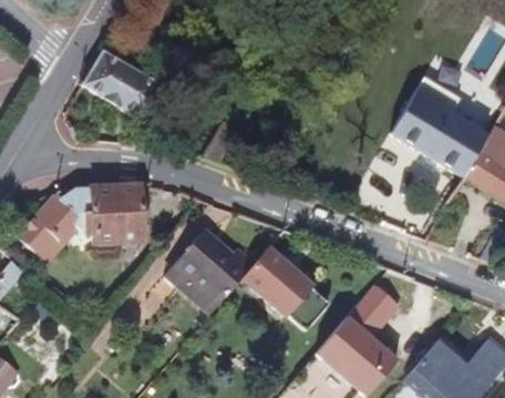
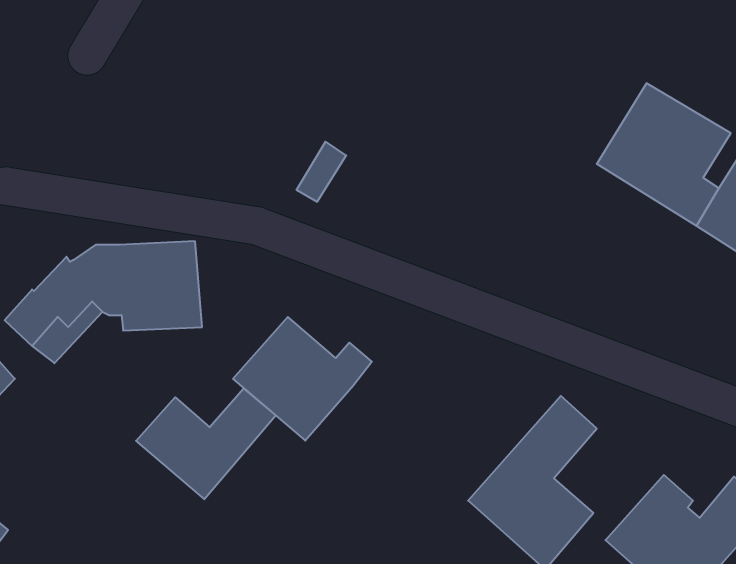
building: [81,49,159,120] -> none
building: [241,247,329,329] -> none
building: none -> [136,388,276,499]

